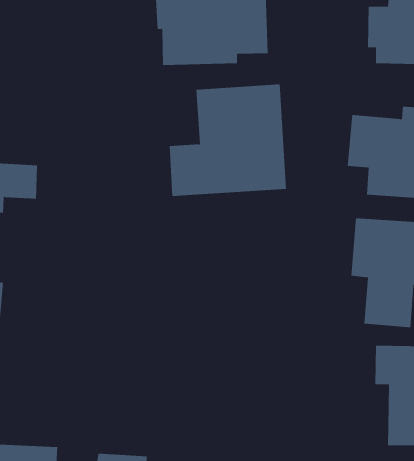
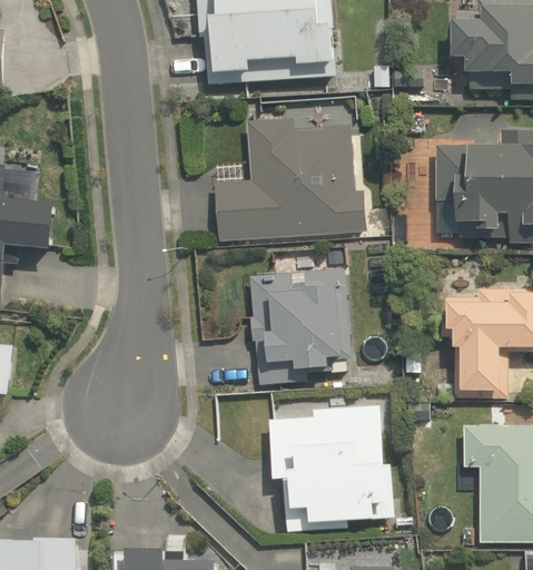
building: none -> [248,262,354,383]
building: none -> [277,407,398,530]

